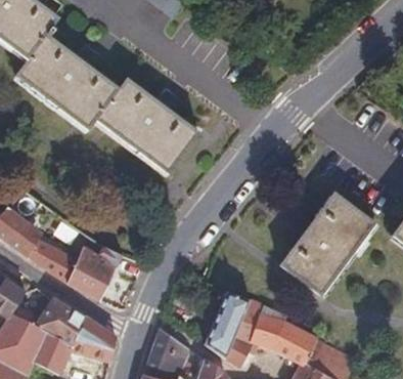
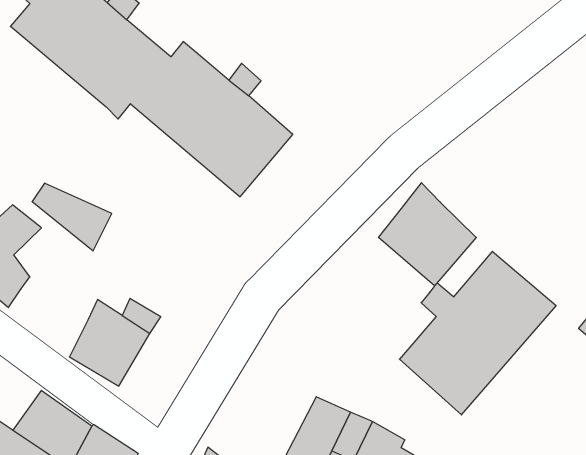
building: none -> [379,183,476,286]
building: [27,239,78,280] -> [32,183,112,251]

